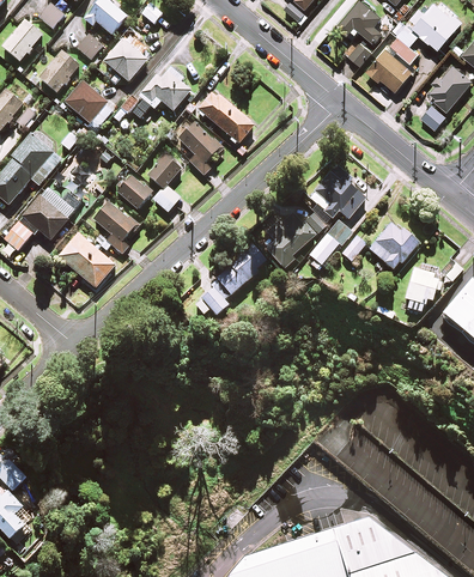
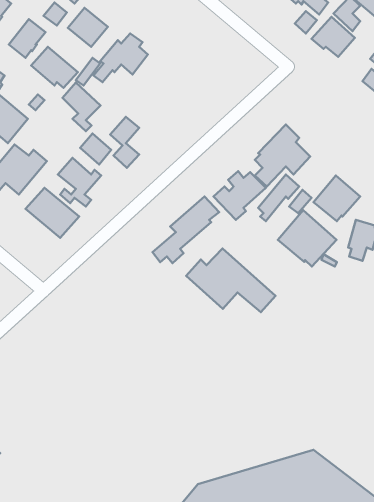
building: [196,91,253,144] -> none
building: [178,122,219,175] -> [63,82,100,131]
building: none -> [278,210,336,266]
building: none -> [186,249,276,312]

